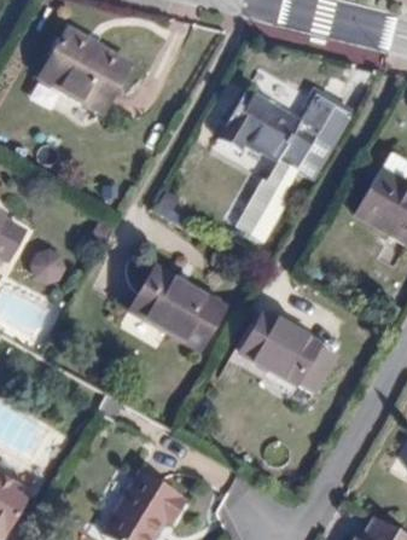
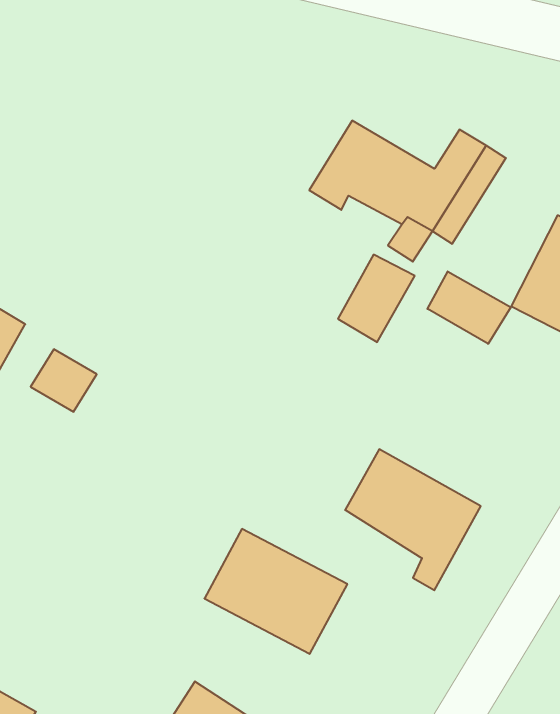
building: [42,29,129,110] -> none
building: none -> [427,271,511,344]
building: [130,266,227,350] -> [204,529,347,654]

